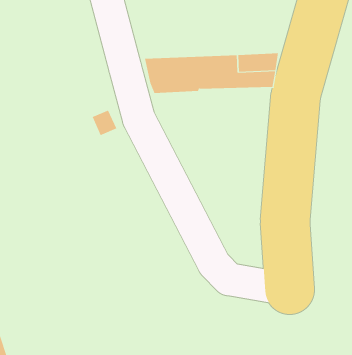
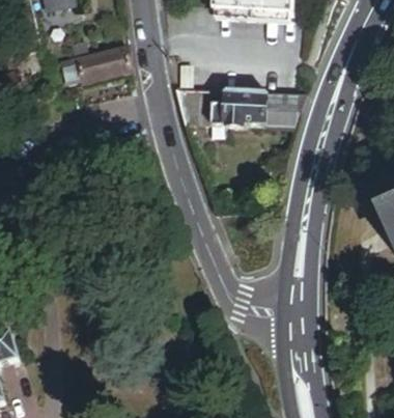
building: none -> [58,46,129,84]

